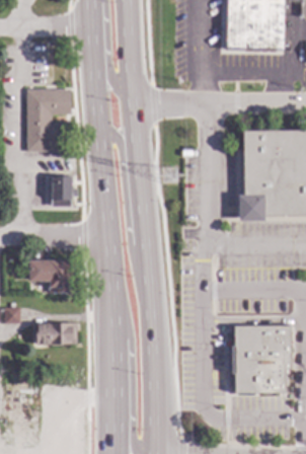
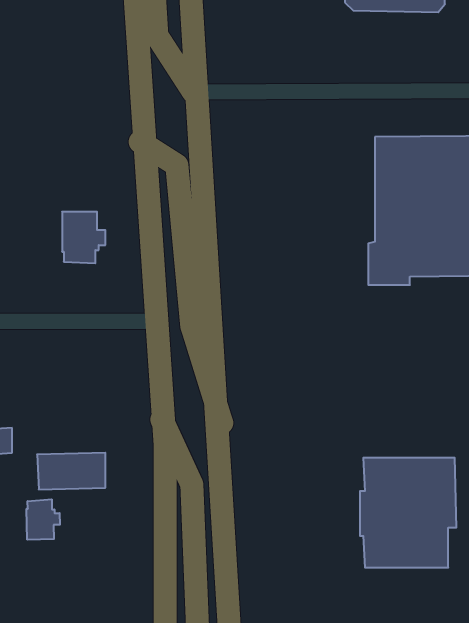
building: [24,88,72,151] -> none
building: [29,259,71,292] -> none
building: none -> [27,499,60,540]

